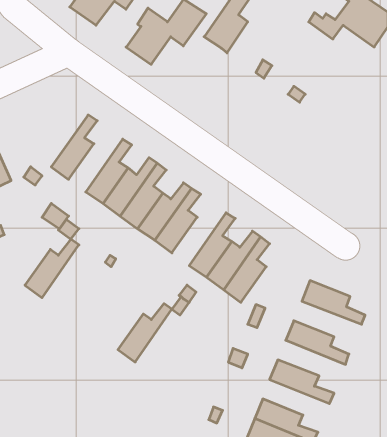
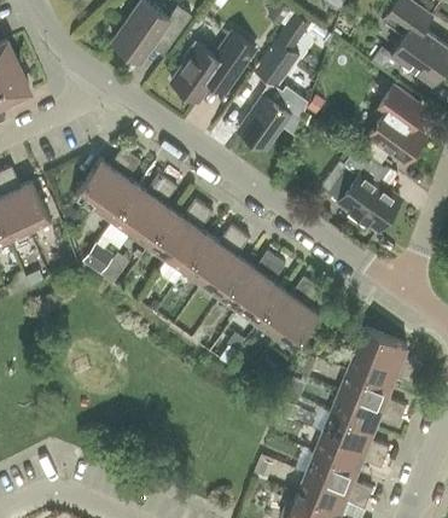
building: none -> [239,85,308,150]
building: none -> [368,86,425,163]
building: none -> [74,147,132,209]
building: none -> [338,149,401,229]
building: [25,239,79,298] -> [111,174,168,235]
building: none -> [348,350,419,388]
building: [118,304,172,362] -> [220,251,277,313]
building: none -> [331,391,402,429]
building: none -> [315,432,385,470]

